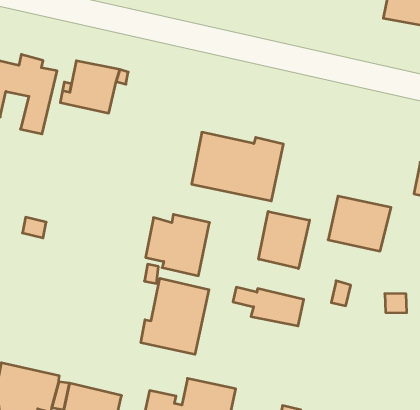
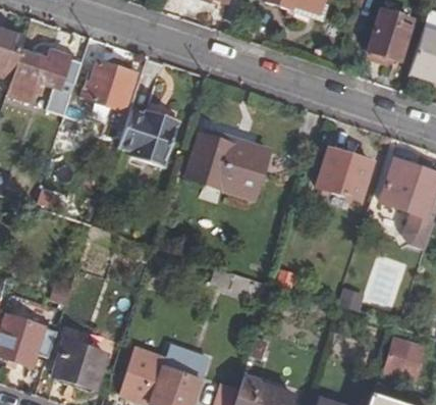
building: [328,196,391,251] -> [315,148,372,199]
building: [259,211,310,269] -> none
building: [146,214,210,276] -> [120,109,178,164]
building: [141,278,209,354] -> none

